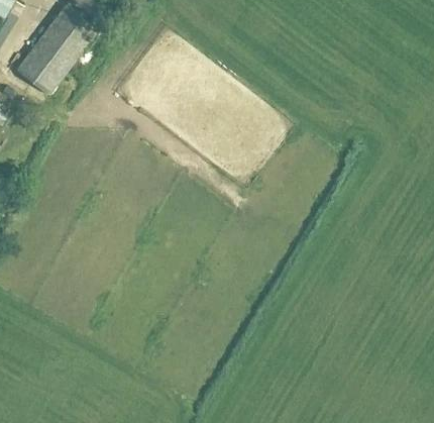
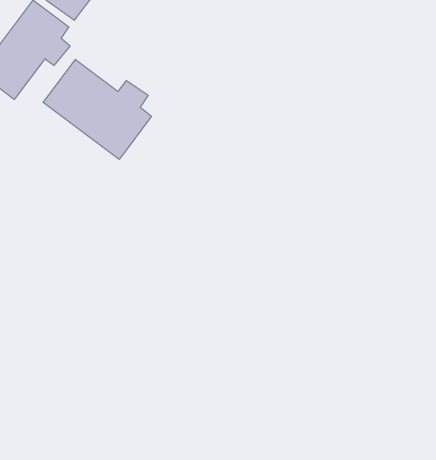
building: none -> [43,59,151,159]

